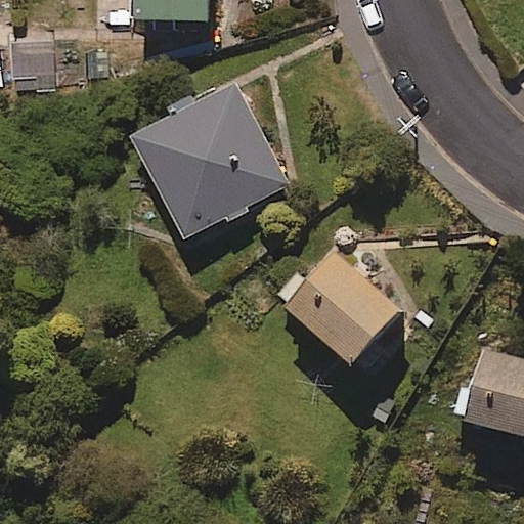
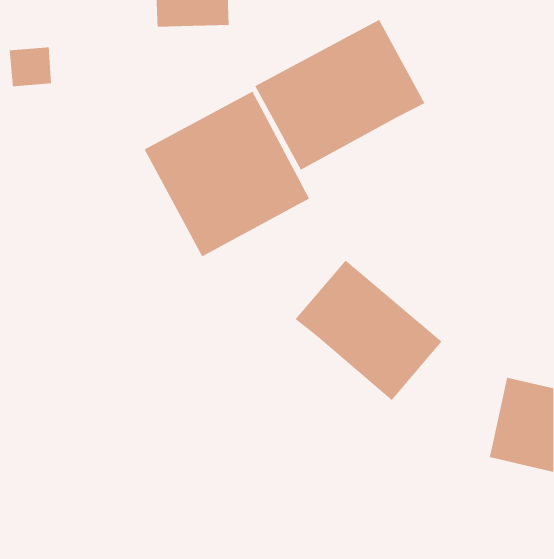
building: none -> [254,19,426,171]

